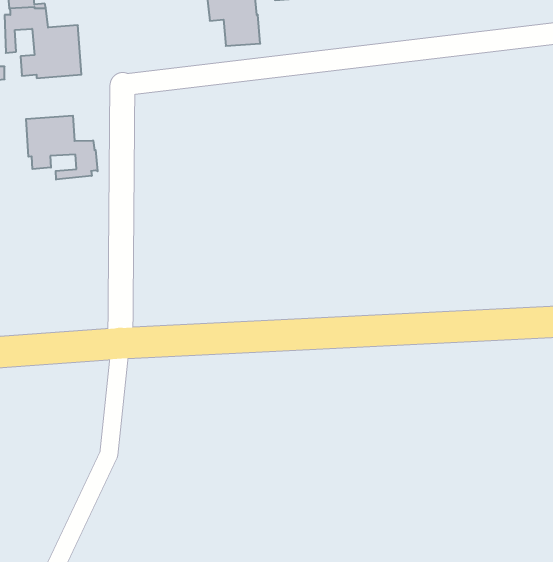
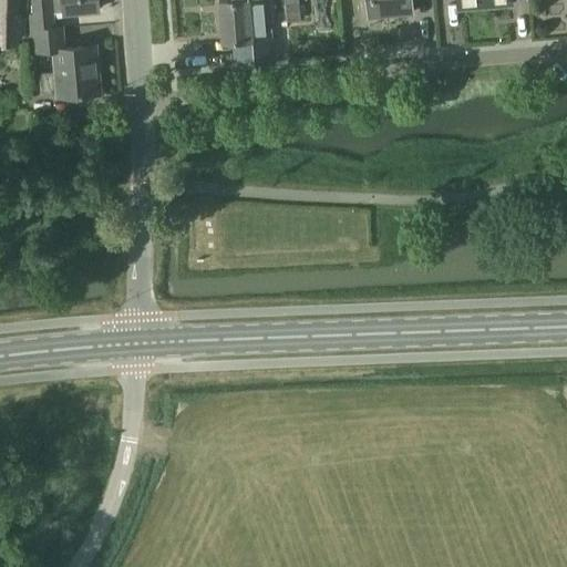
building: [26,116,98,180] -> none

